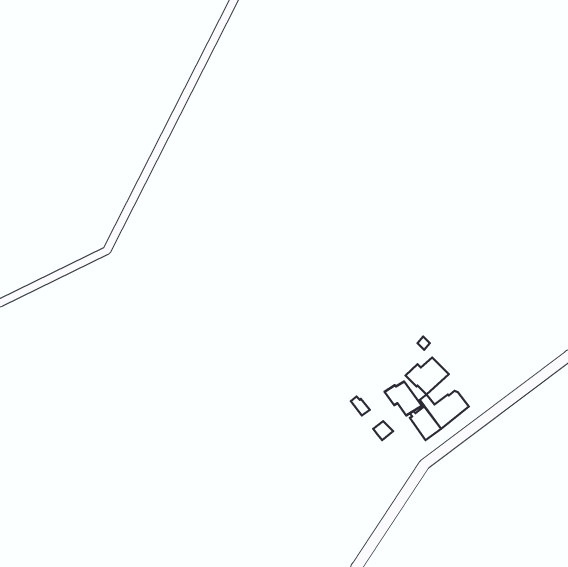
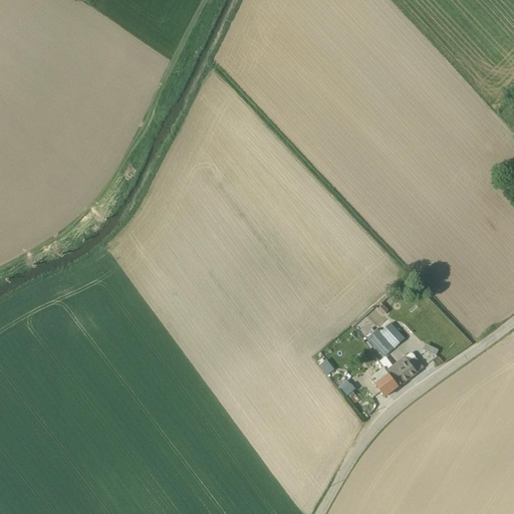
building: [385,381,422,415] -> none

